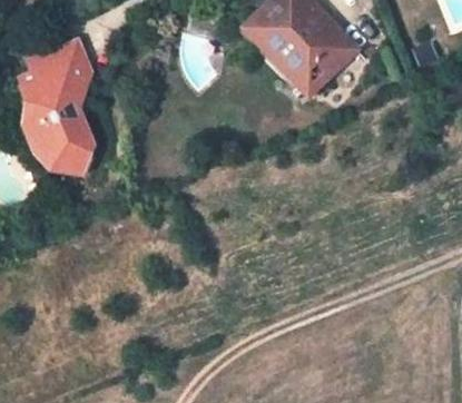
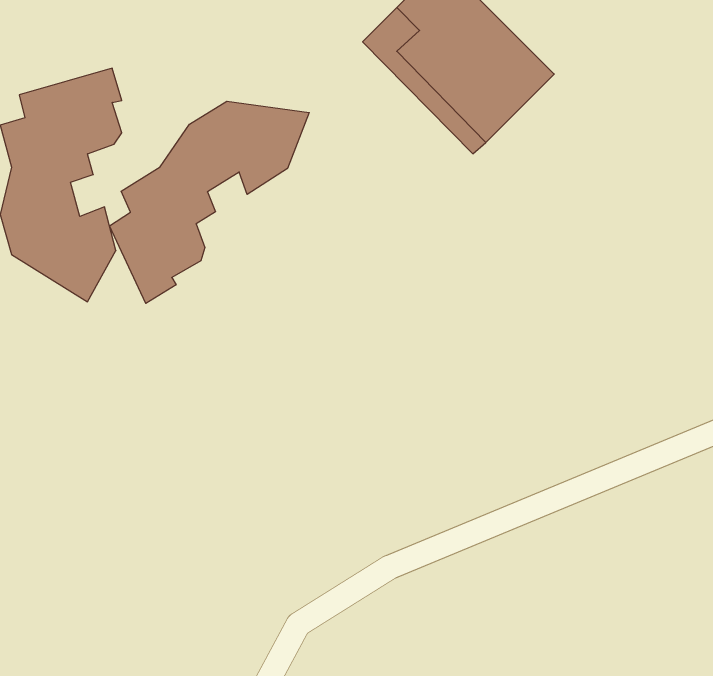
building: none -> [110,101,309,303]

